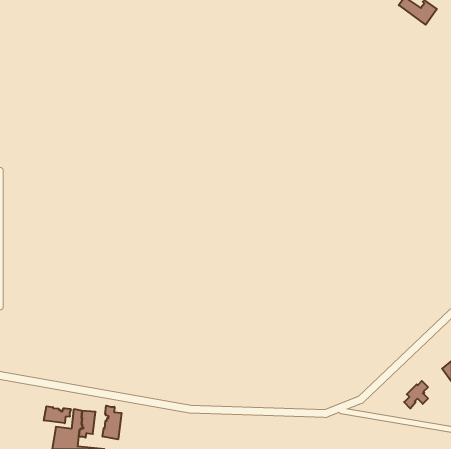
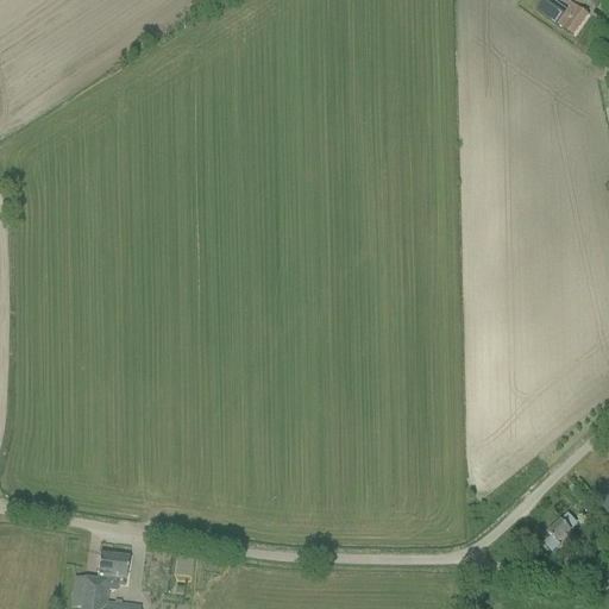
building: [103,406,121,439] -> none
building: [44,406,71,423] -> none

